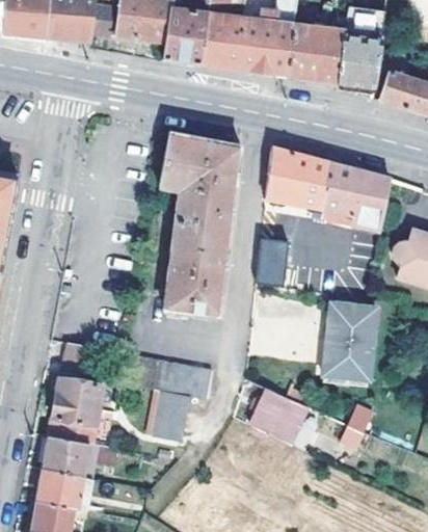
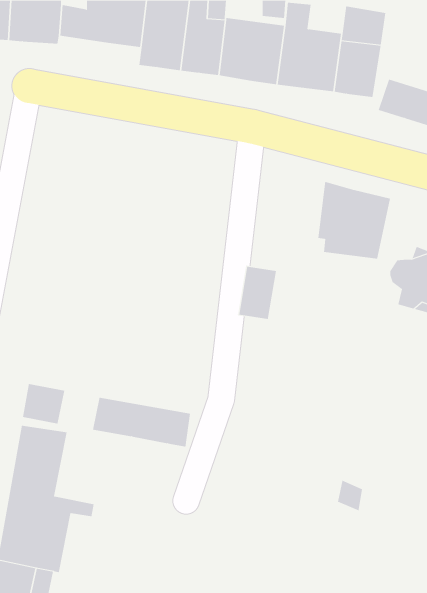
building: [159,131,241,318] -> none
building: [266,147,330,213] -> none
building: [321,303,377,381] -> none
building: [247,388,304,448] -> none
building: [151,391,190,442] -> none

